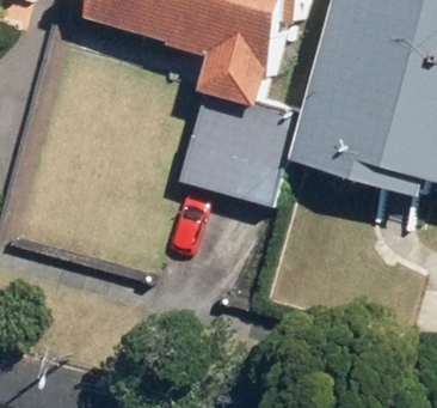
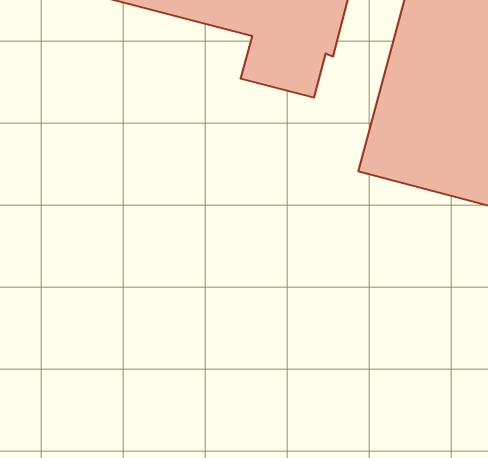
building: [181,93,296,208] -> none

